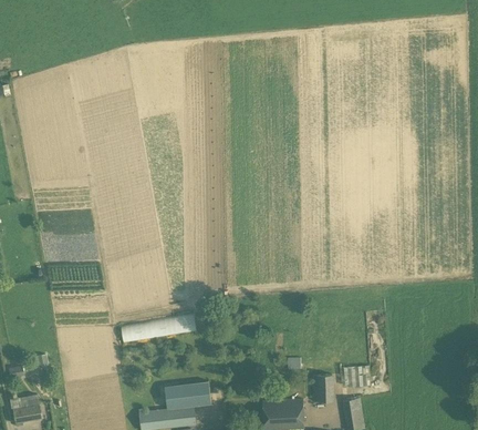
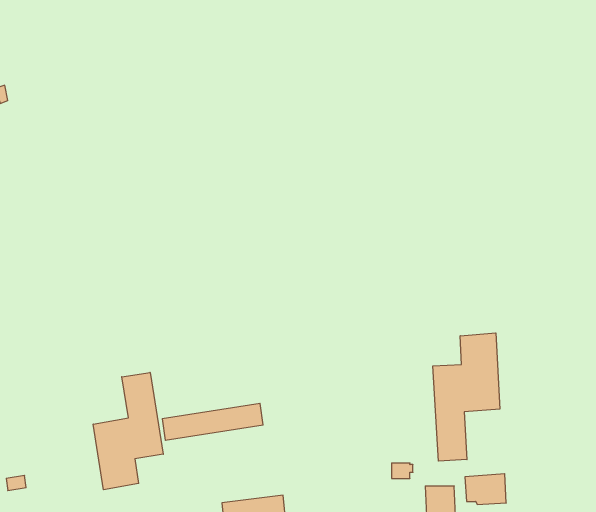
building: none -> [433,333,500,461]
building: none -> [93,372,163,490]

